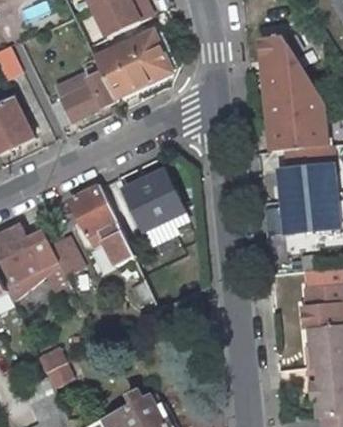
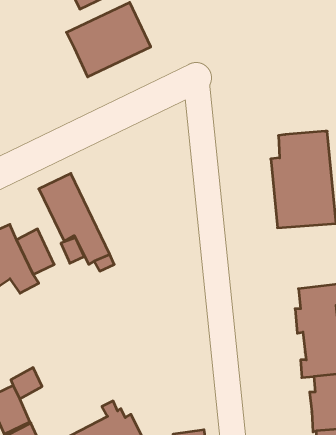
building: [259,37,327,152] -> none
building: [48,63,114,127] -> none
building: [117,167,190,241] -> none

